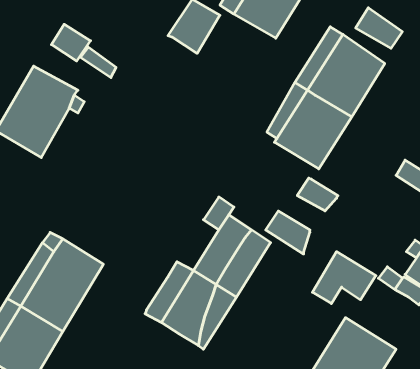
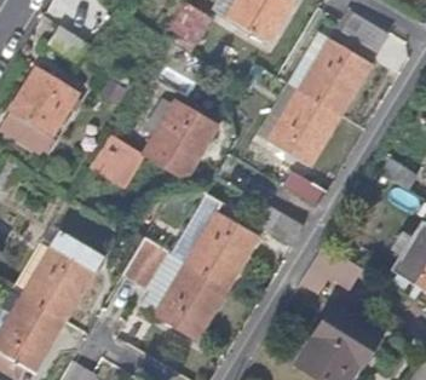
building: none -> [145,99,217,178]
building: none -> [90,133,143,188]
building: none -> [123,240,169,290]

